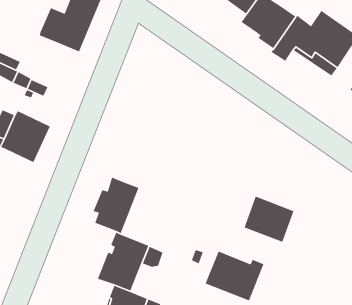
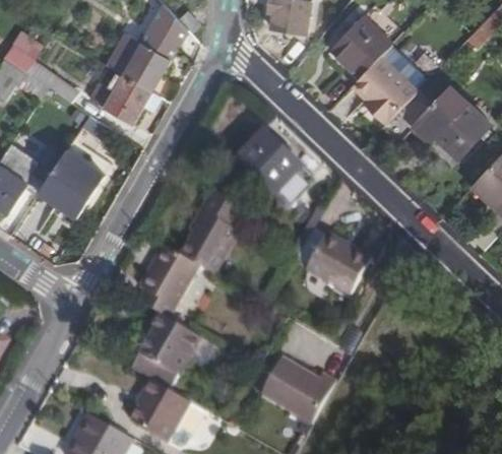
building: none -> [89,72,162,123]
building: none -> [240,130,315,204]
building: none -> [181,186,240,273]
building: [243,196,295,243] -> [306,231,371,293]

